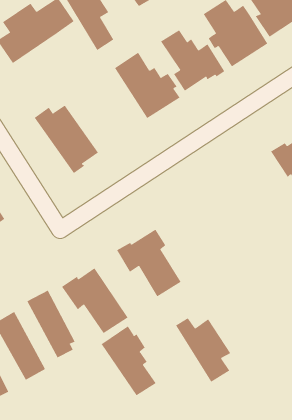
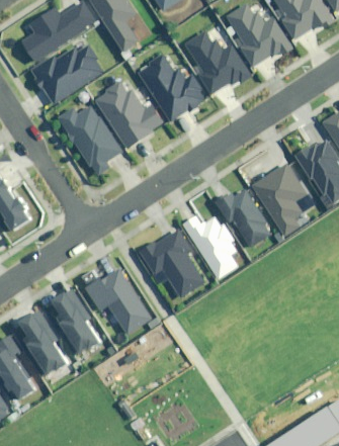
building: none -> [30,35,106,104]
building: none -> [95,82,166,151]
building: none -> [253,164,306,236]
building: none -> [218,190,272,246]
building: [175,318,231,383] -> [183,213,239,278]
building: [101,325,157,396] -> none

